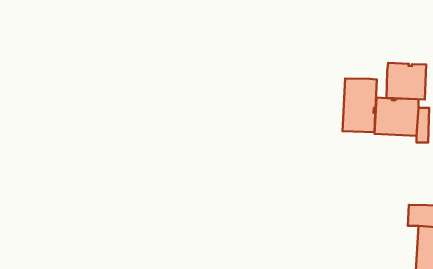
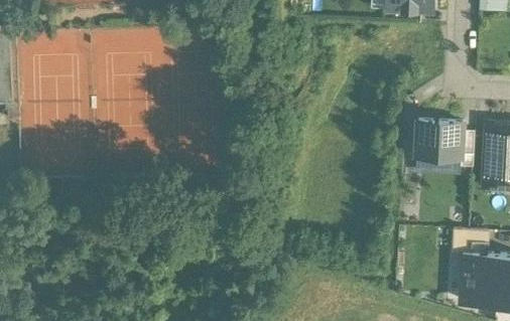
building: [387,63,426,100] -> none
building: [343,79,377,132] -> none

